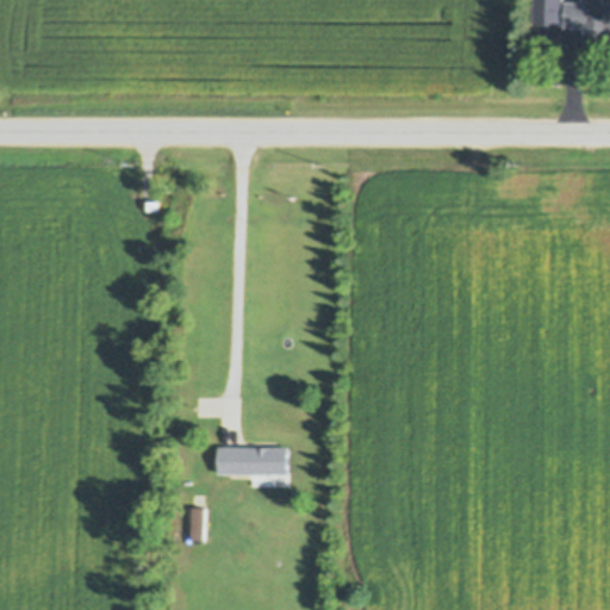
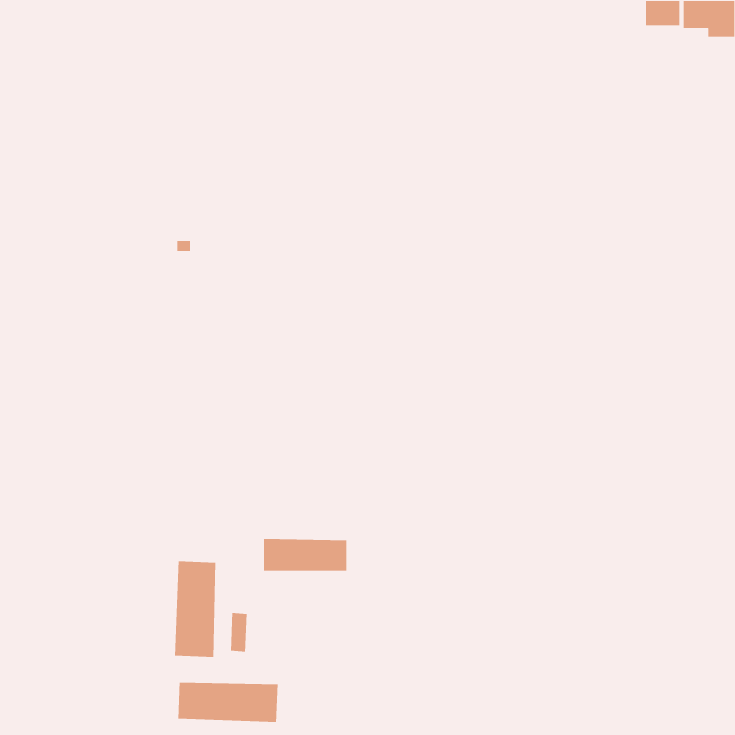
building: none -> [174,561,216,658]
building: none -> [178,682,278,723]

